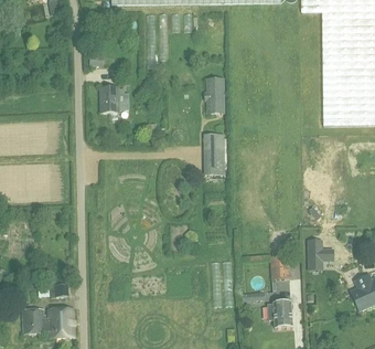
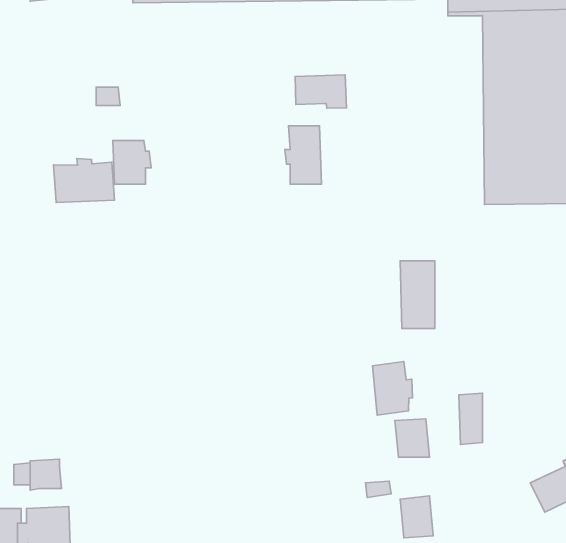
building: none -> [295,75,346,108]
building: none -> [54,158,114,203]
building: [203,133,224,173] -> [400,261,435,328]
building: none -> [372,361,412,415]

